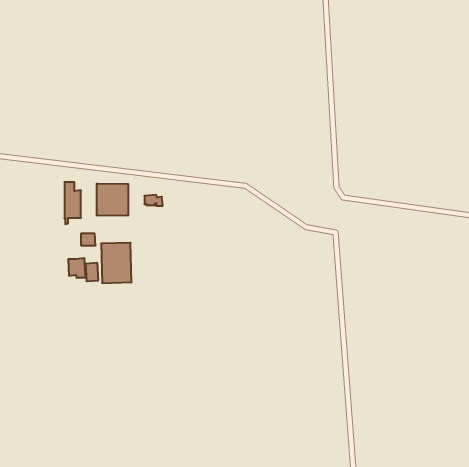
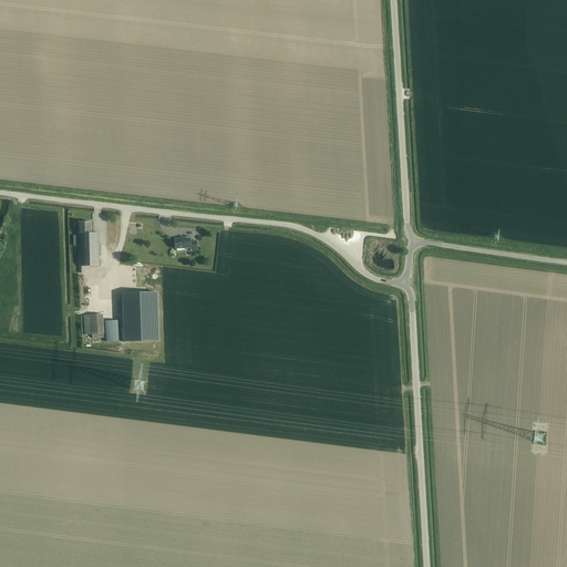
building: [97,183,128,216] -> none

